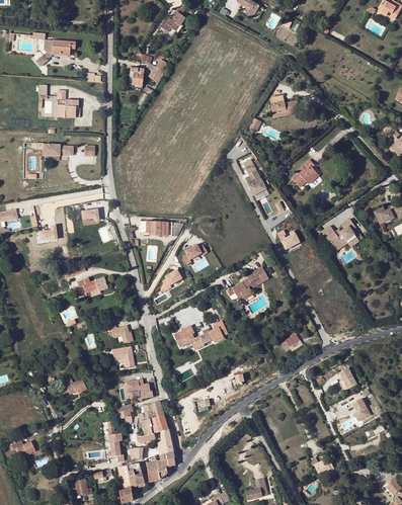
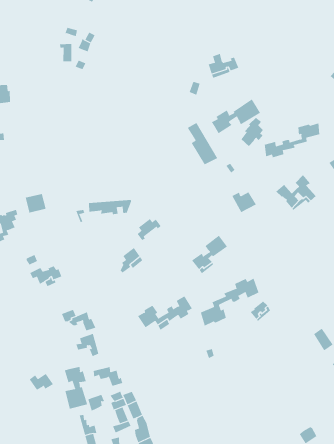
building: none -> [211,99,261,134]
building: none -> [264,123,320,158]
building: none -> [200,278,259,327]
building: none -> [64,366,88,409]

